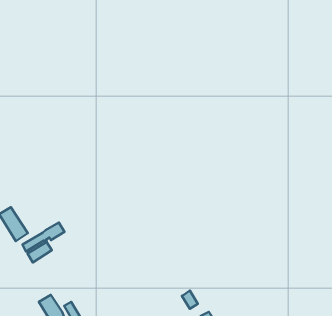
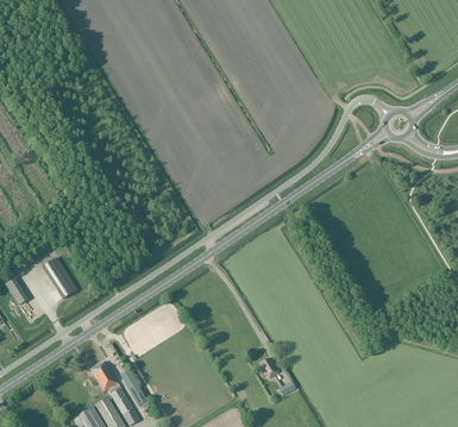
building: [23,223,65,262] -> none

